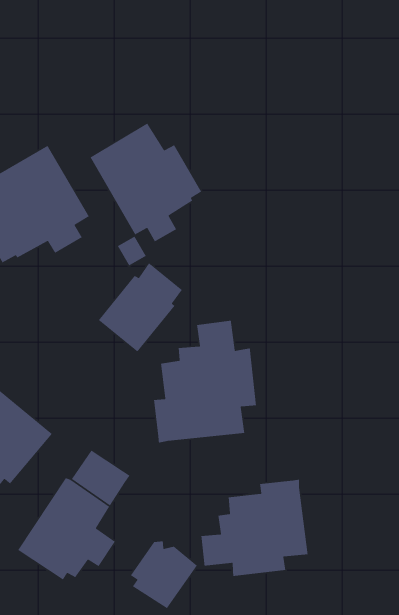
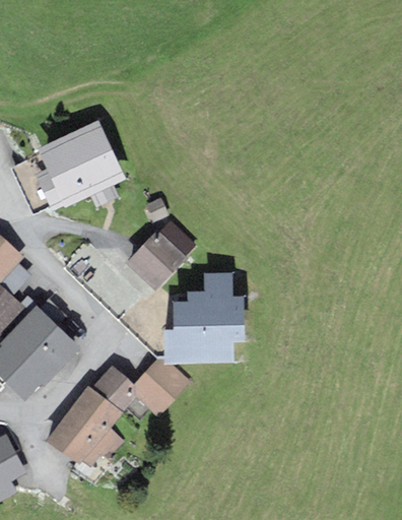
building: [89,123,202,242] -> none
building: [200,479,309,577] -> none
building: [130,541,198,609] -> [135,359,190,413]

